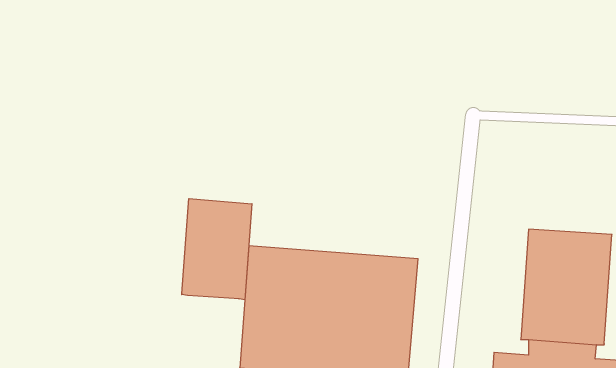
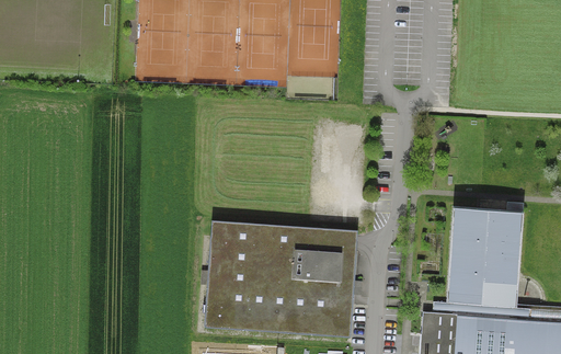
building: [182,199,252,300] -> none

